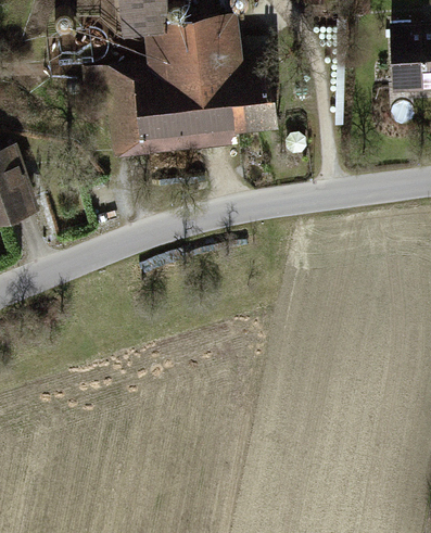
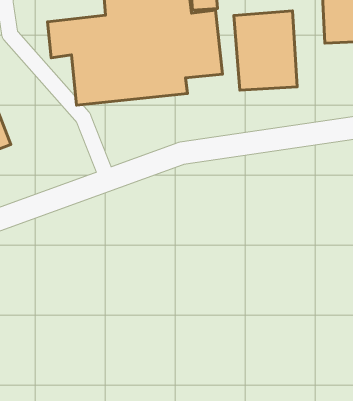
building: none -> [234,11,297,90]

